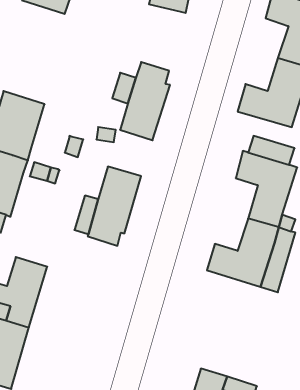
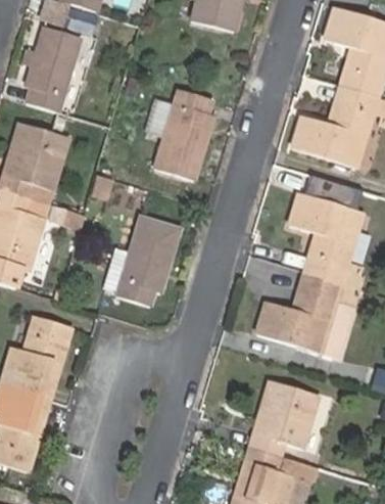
building: none -> [26,27,82,114]
building: none -> [249,381,318,456]

